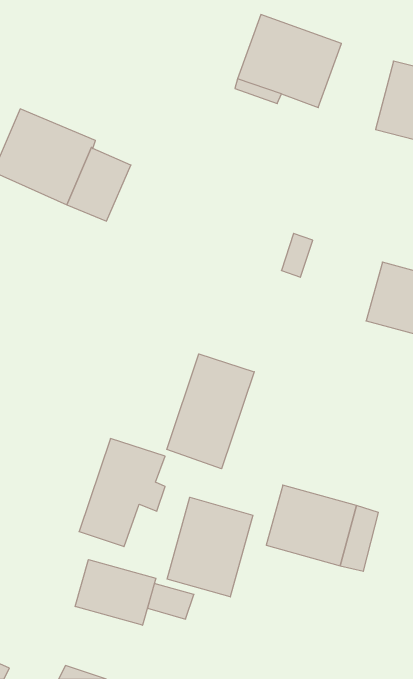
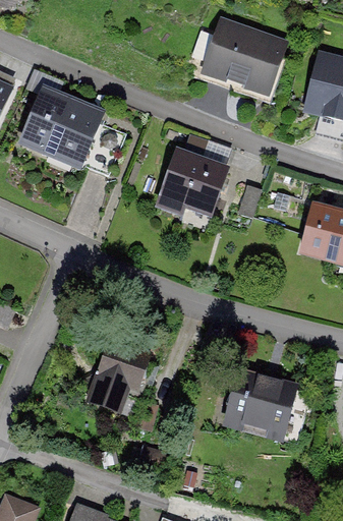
building: none -> [157,151,227,212]
building: [167,354,254,469] -> none
building: [167,497,253,597] -> none
building: [75,560,156,625] -> none

